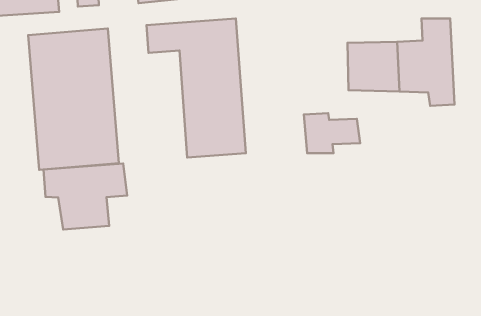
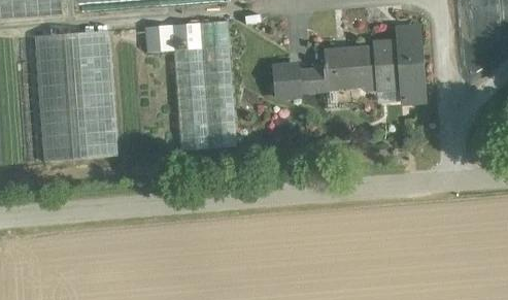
building: [304,113,360,153] -> [278,60,331,97]
building: [43,163,127,230] -> none

